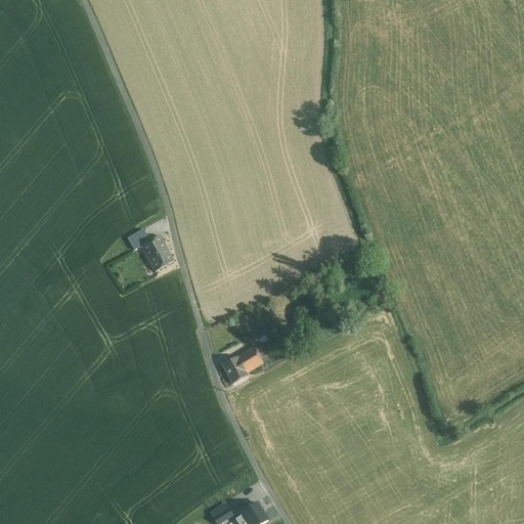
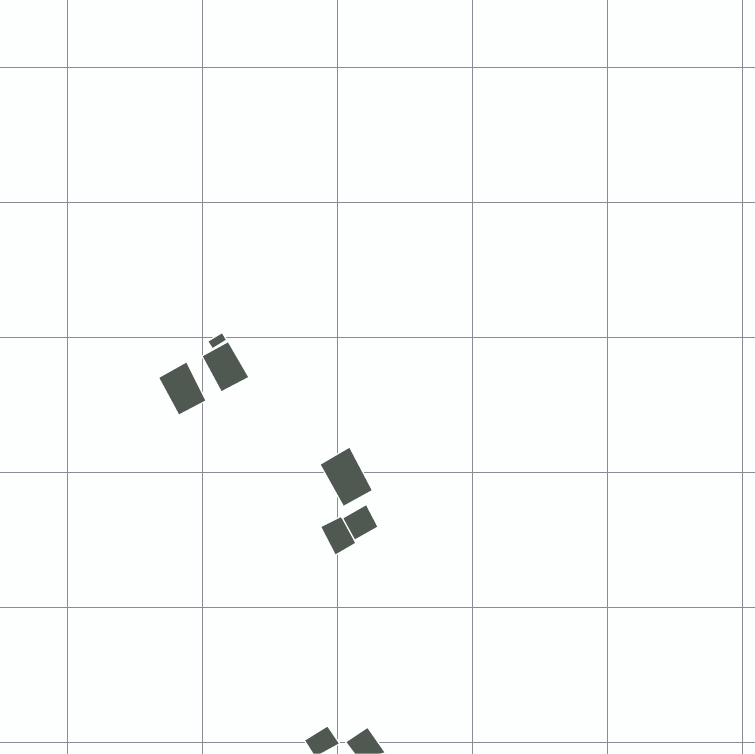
building: none -> [159,362,206,415]
building: none -> [320,447,373,506]

